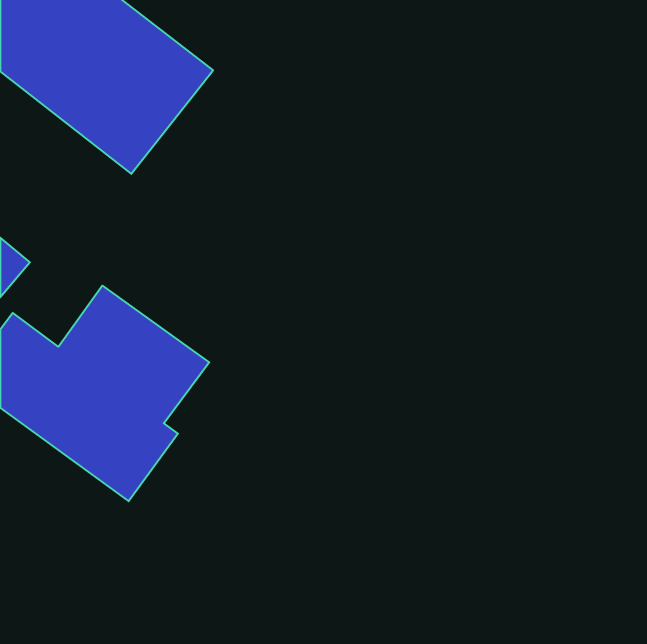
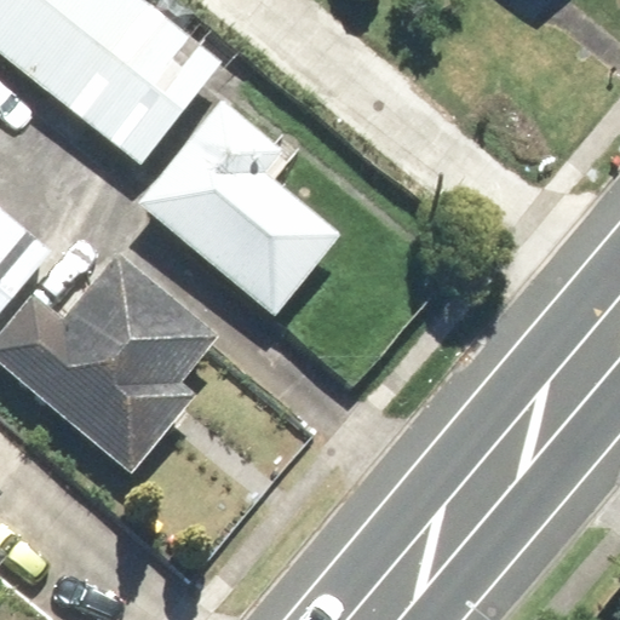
building: none -> [143,122,339,308]

